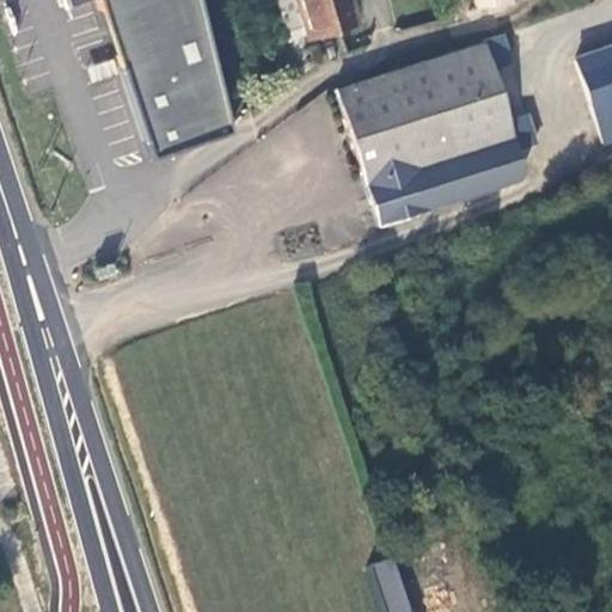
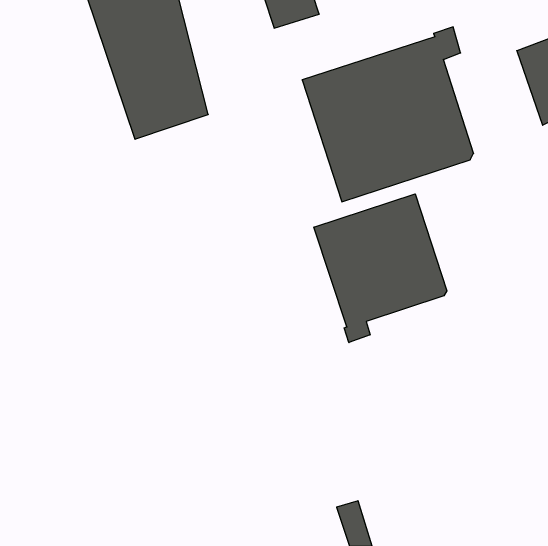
building: none -> [314,194,447,343]

